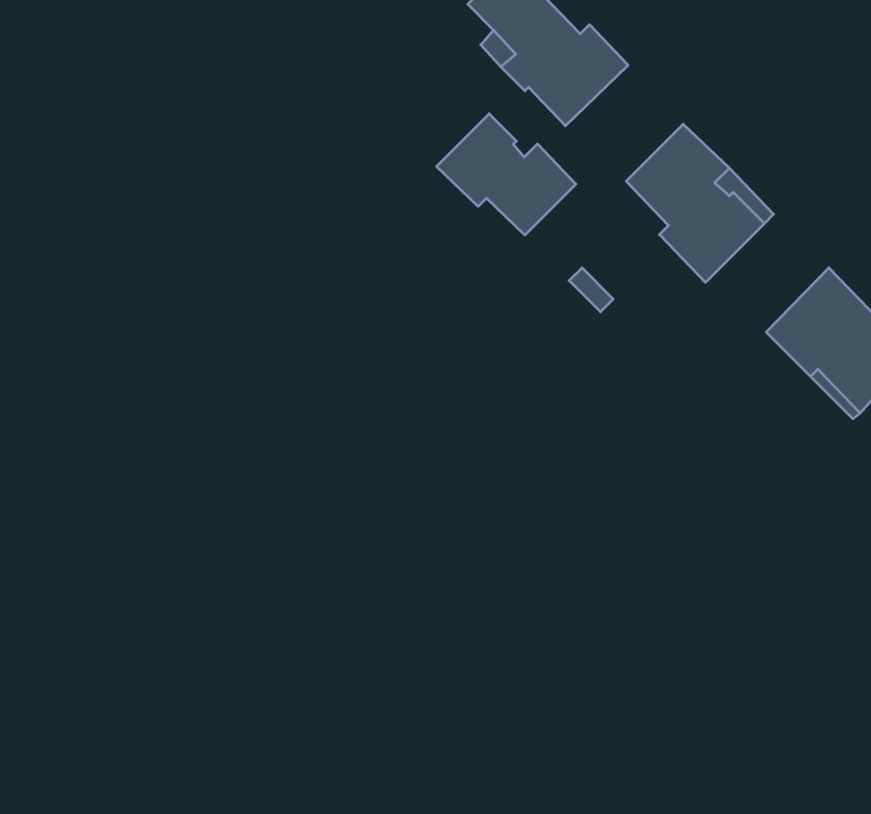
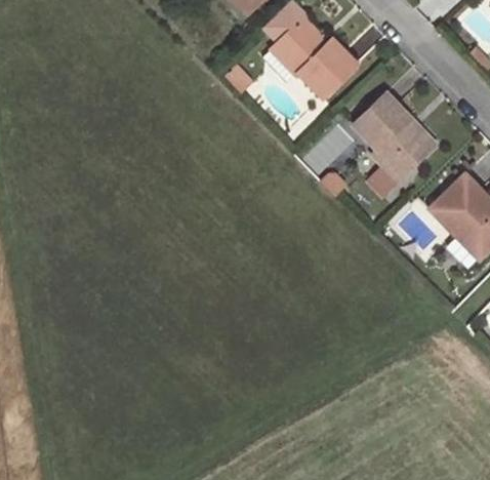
building: [437,114,576,235] -> none

